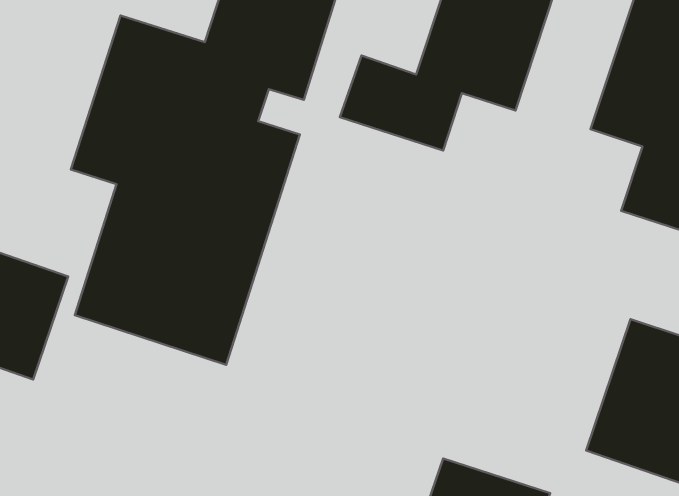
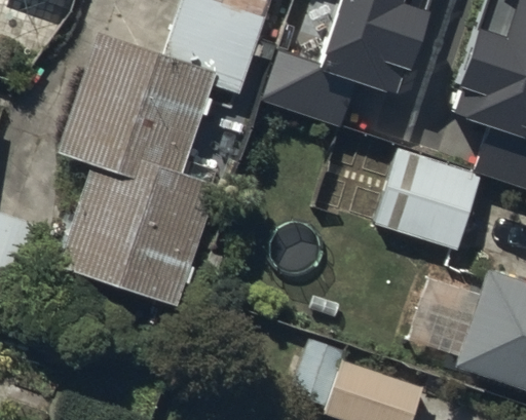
building: none -> [375,155,483,259]

